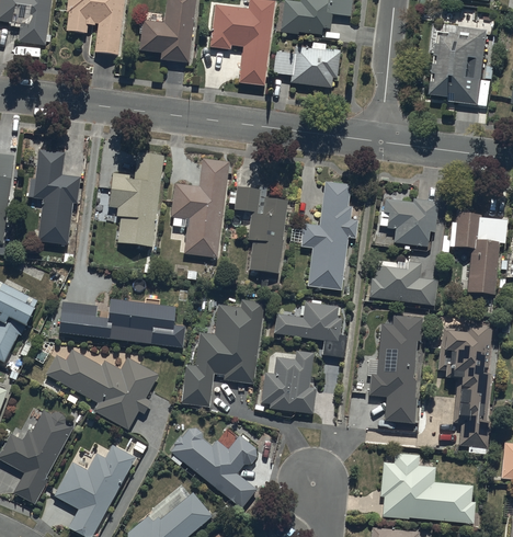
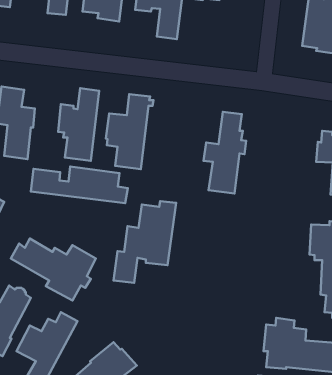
building: [274,44,340,88] -> none
building: [229,185,286,272] -> none
building: [378,198,437,250] -> none
building: [368,259,436,306] -> none
building: [58,298,185,346] -> [31,166,128,203]
building: [274,301,345,357] -> none
building: [366,315,421,423] -> none
building: [262,352,316,413] -> none
building: [170,429,256,509] -> none

